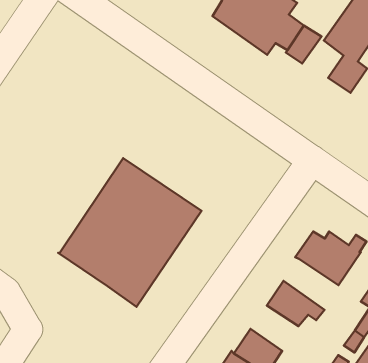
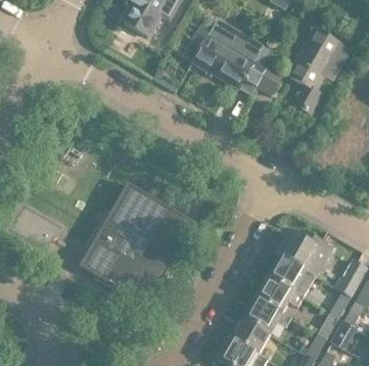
building: none -> [268,256,315,296]
building: none -> [243,296,290,333]

